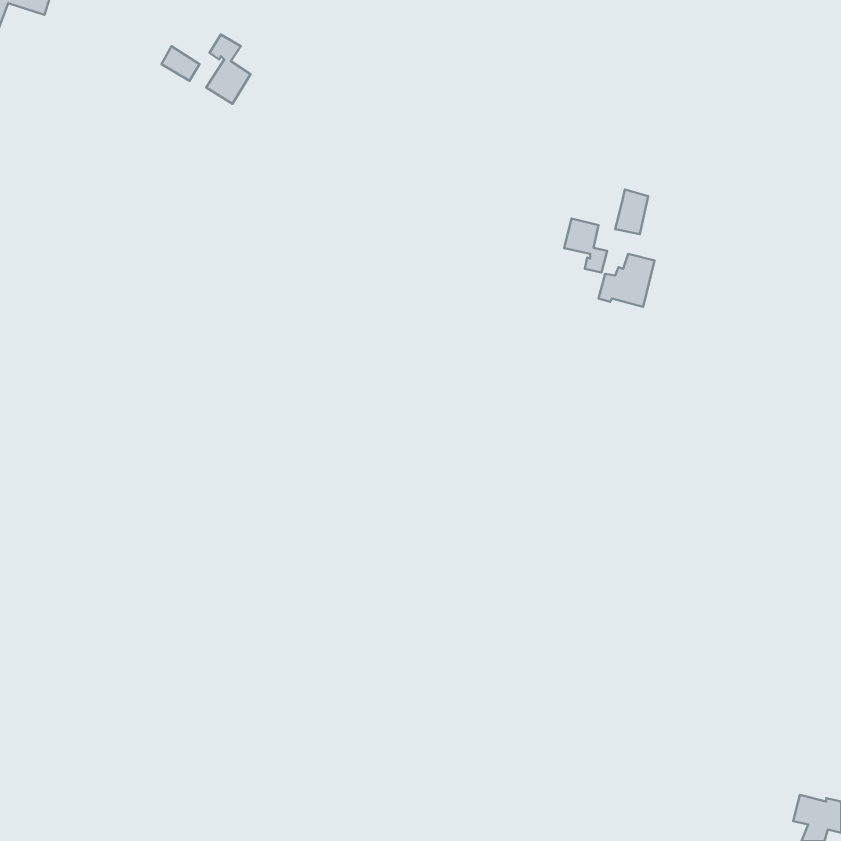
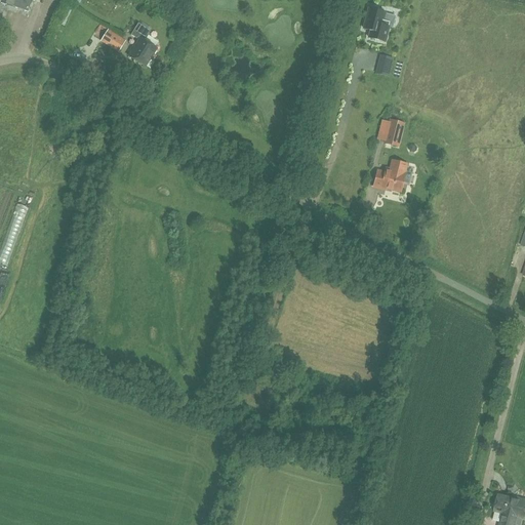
building: none -> [362,7,389,42]
building: [564,218,607,273] -> none

